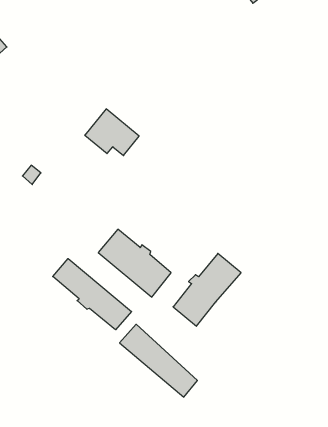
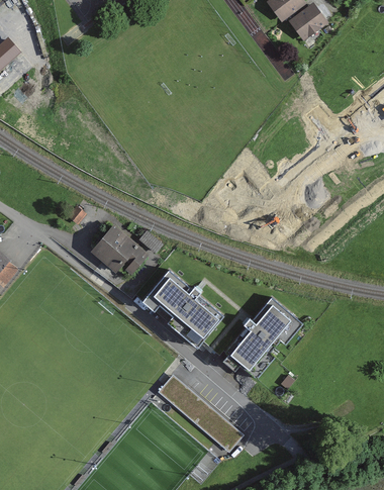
building: [85,109,139,156] -> [90,227,147,276]
building: [53,259,132,330] -> none

